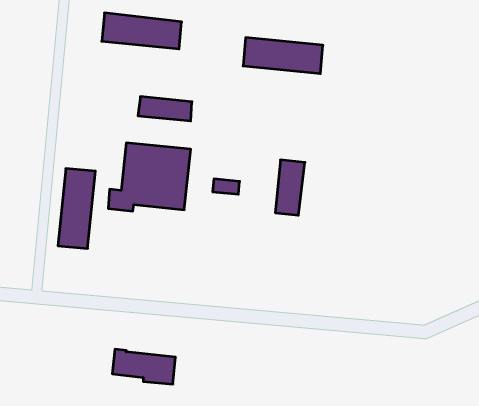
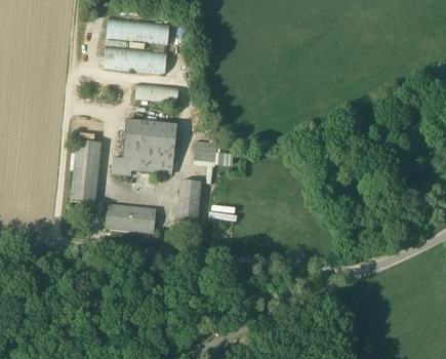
building: [243,38,323,74] -> [103,44,166,73]
building: [275,160,305,215] -> [176,180,200,224]
building: [112,349,175,384] -> [105,204,155,232]

